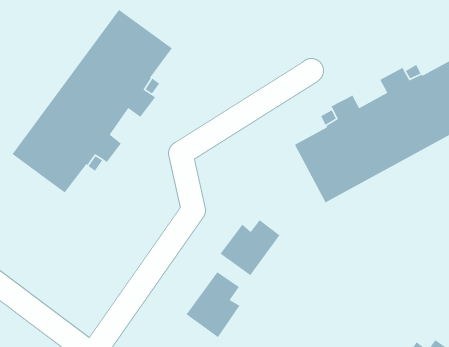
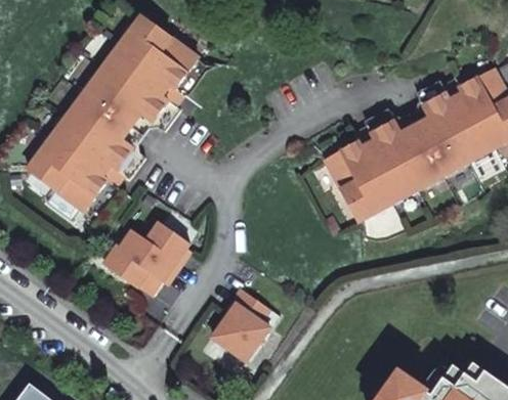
building: none -> [104,221,189,295]
building: [219,219,280,276] -> none

